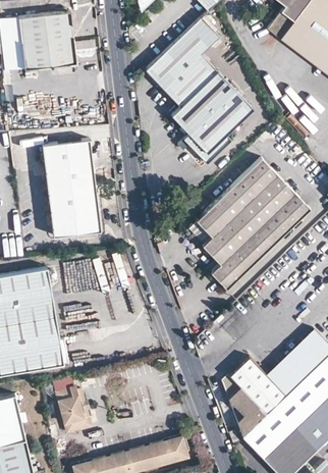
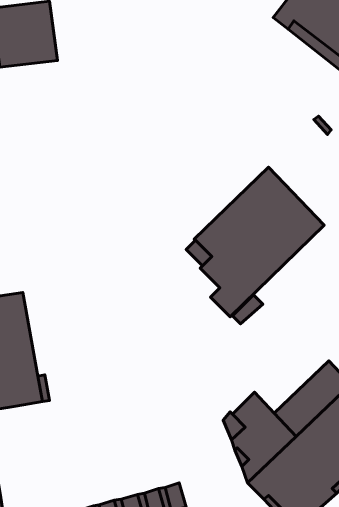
building: [144,16,254,163] -> none
building: [41,140,99,236] -> none
building: [56,386,91,432] -> none

